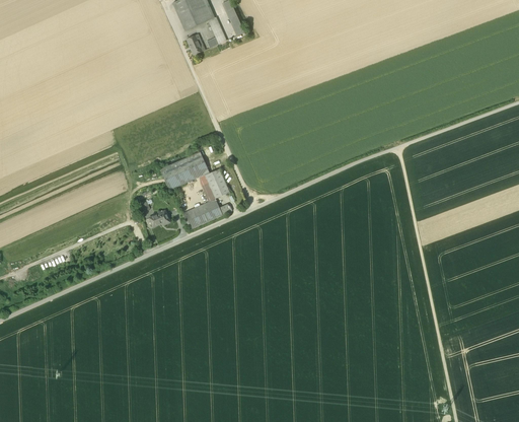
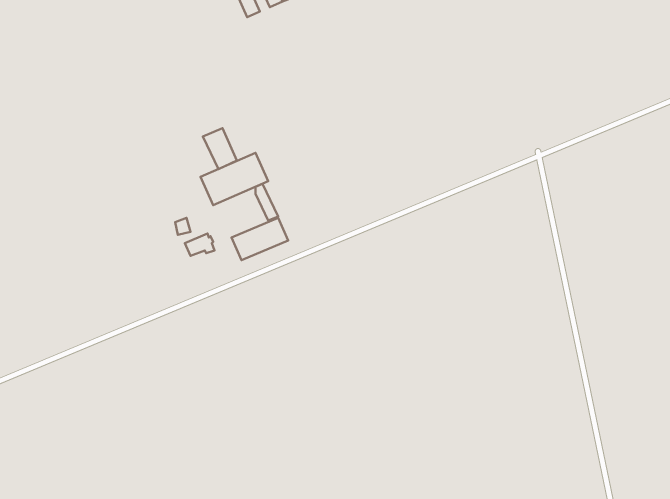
building: [204,168,228,198] -> [203,128,237,169]

